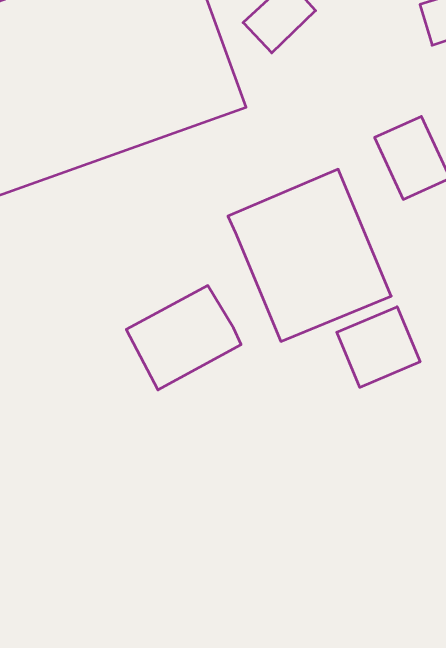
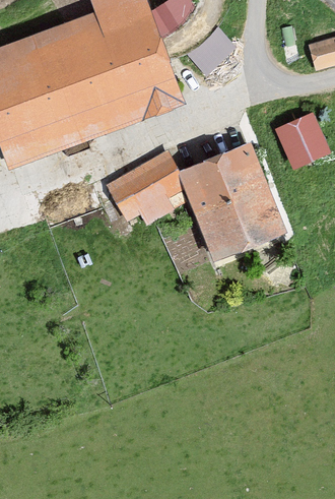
building: [126,286,241,390] -> [106,152,183,223]
building: [337,307,420,387] -> none

